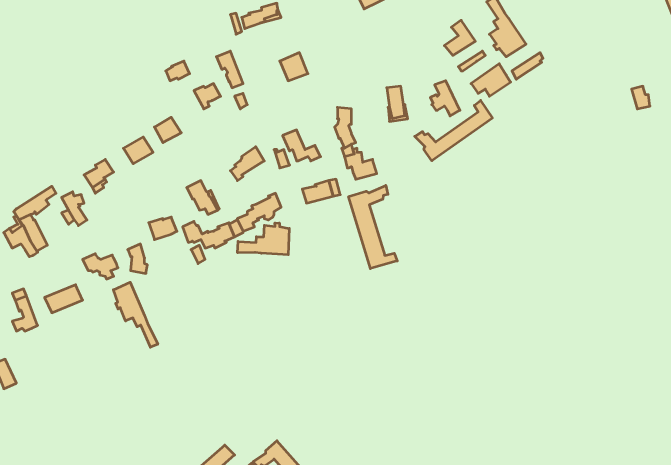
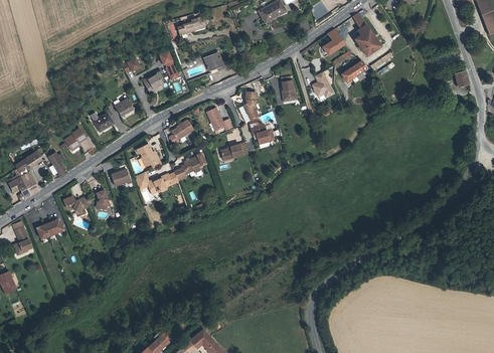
building: [415,100,492,161] -> none
building: [349,185,397,269] -> none
building: [238,223,289,255] -> none
building: [113,282,158,347] -> none

